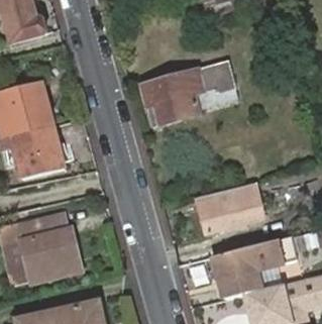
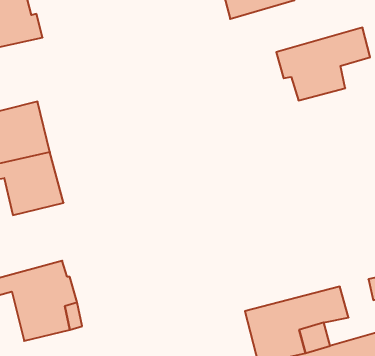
building: [142,64,219,123] -> [276,28,370,100]
building: [196,184,264,233] -> none

